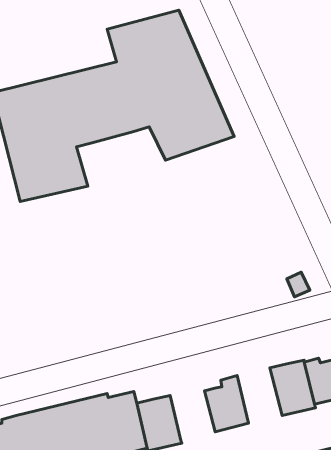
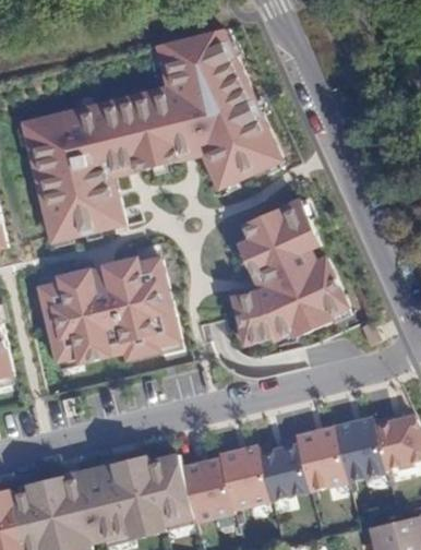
building: none -> [220,191,357,351]
building: none -> [38,253,178,369]
building: none -> [297,428,348,491]
building: none -> [219,446,272,511]

